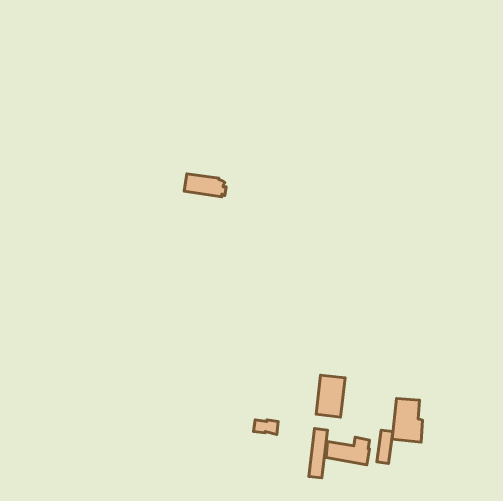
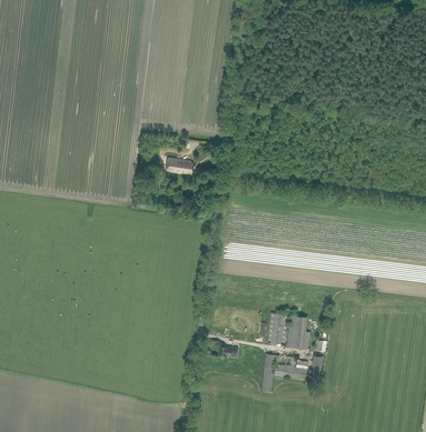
building: [392,399,422,442] -> [286,315,309,349]

